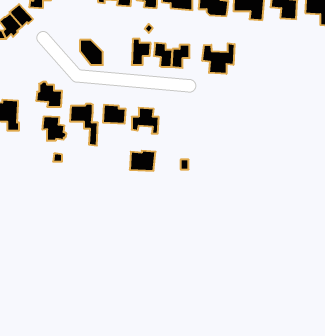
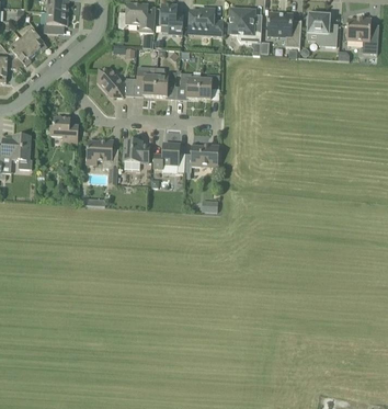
building: none -> [137,66,157,95]
building: [202,43,235,74] -> none
building: [42,116,66,141] -> none
building: [130,151,156,171] -> [191,144,219,166]

